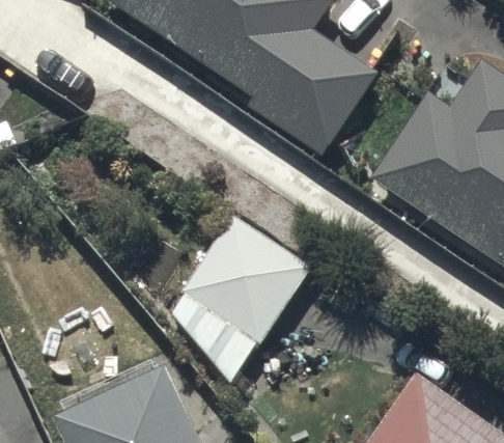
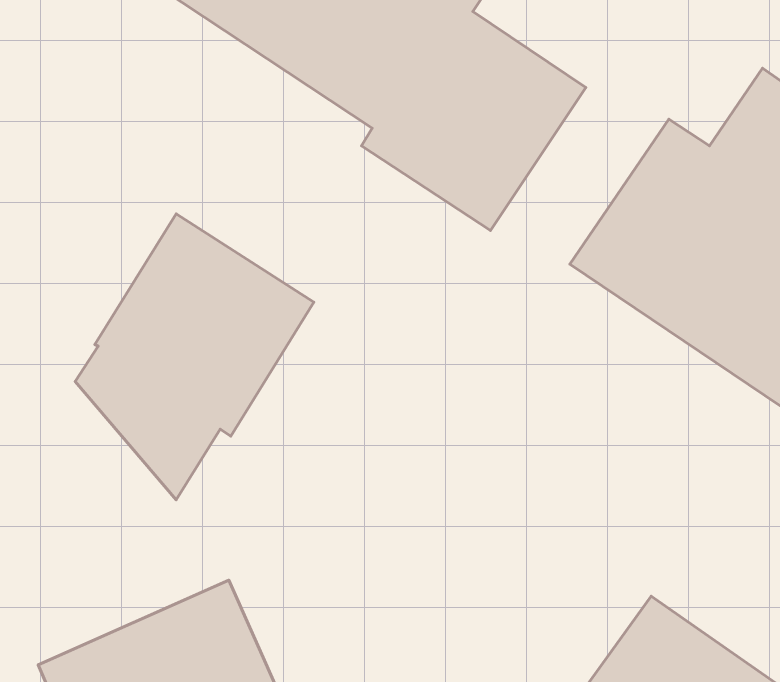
building: [171,214,311,382] -> [75,214,314,500]

